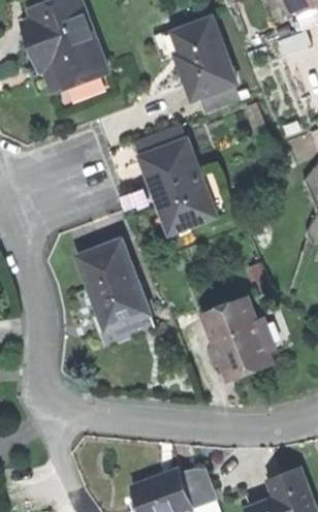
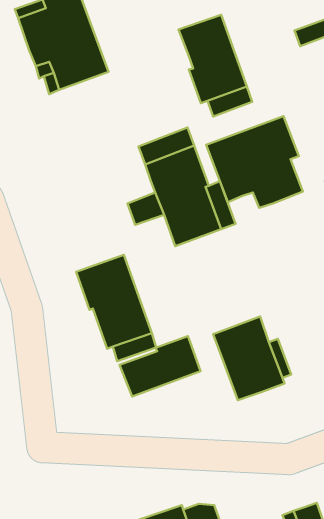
building: none -> [206,116,303,208]
building: none -> [119,336,200,397]

